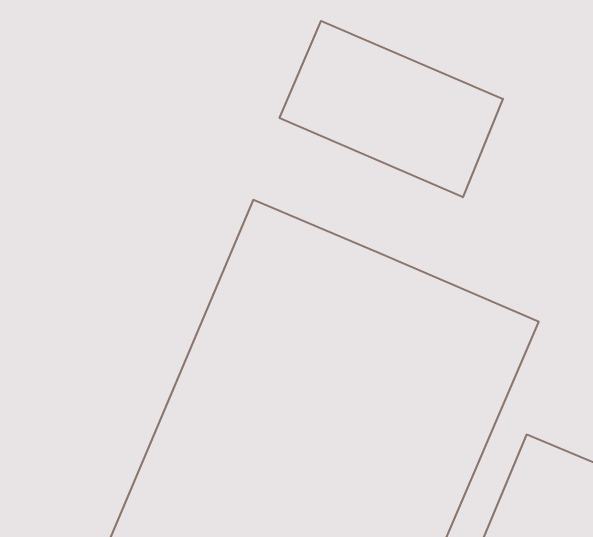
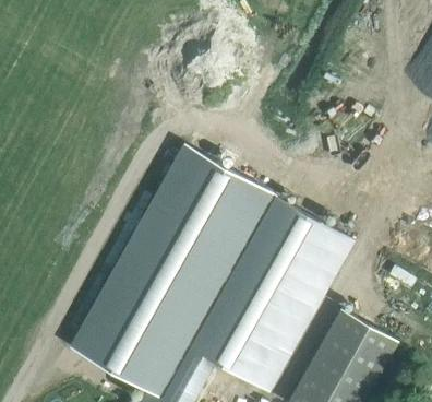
building: [280,21,503,197] -> none

